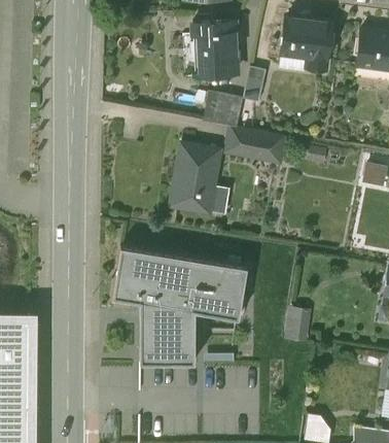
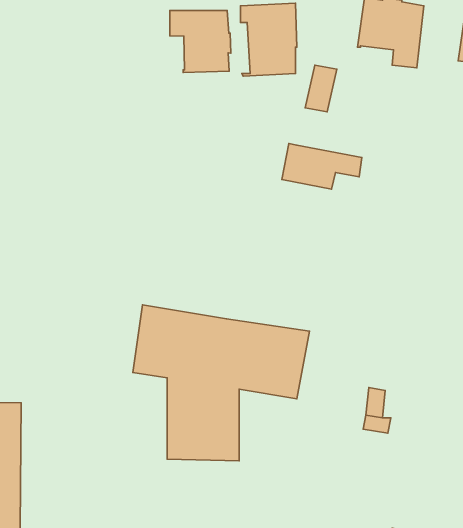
building: none -> [170,10,231,73]
building: [212,95,242,128] -> none
building: [170,144,219,213] -> none

